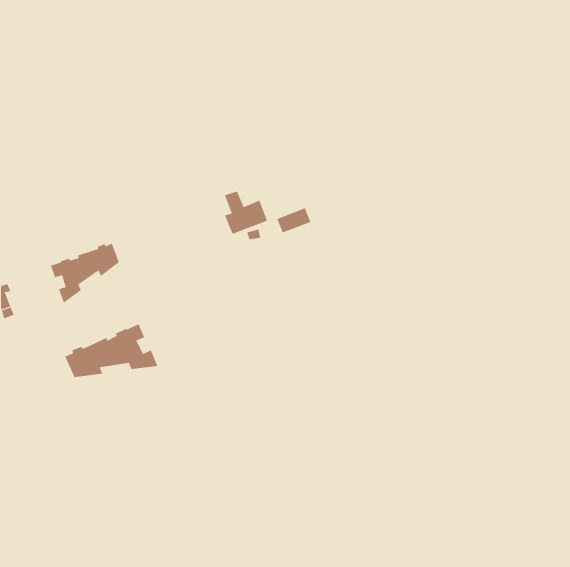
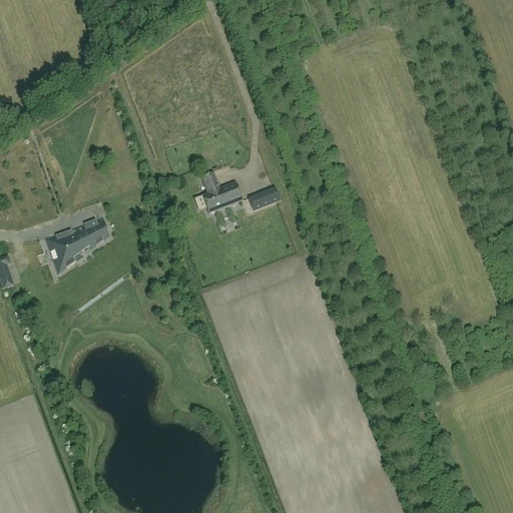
building: [65,323,158,378] -> none

